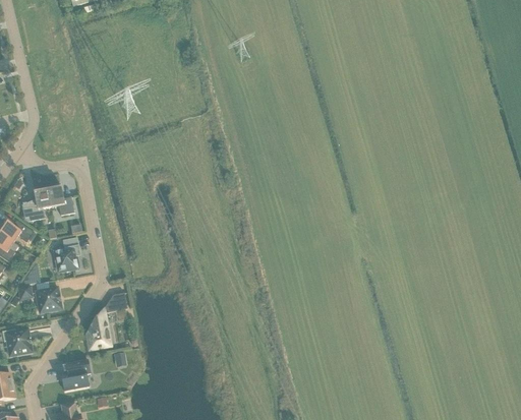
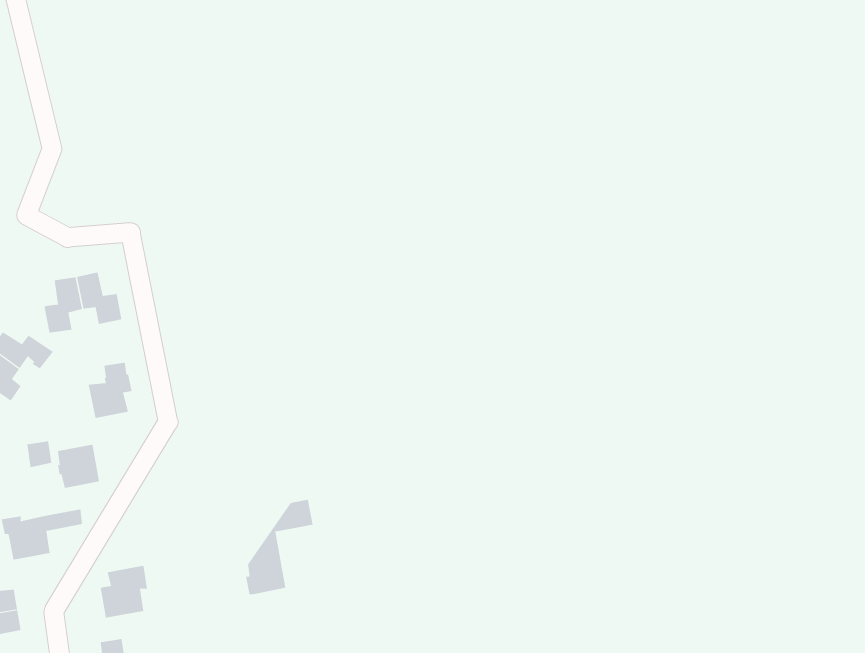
building: [86,292,127,349] -> [245,499,314,595]

